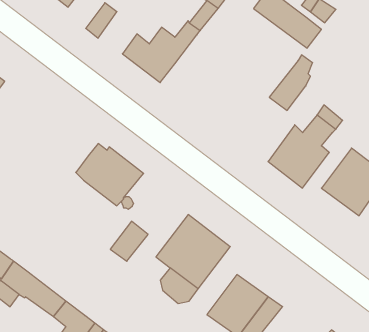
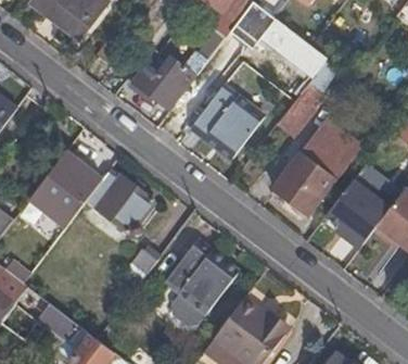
building: none -> [192,86,264,159]
building: none -> [30,150,101,225]

